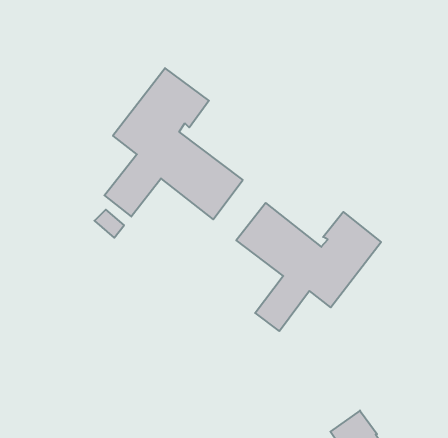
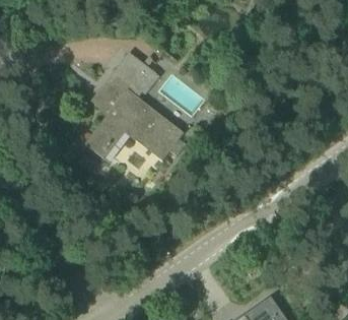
building: [236,203,381,331] -> none

